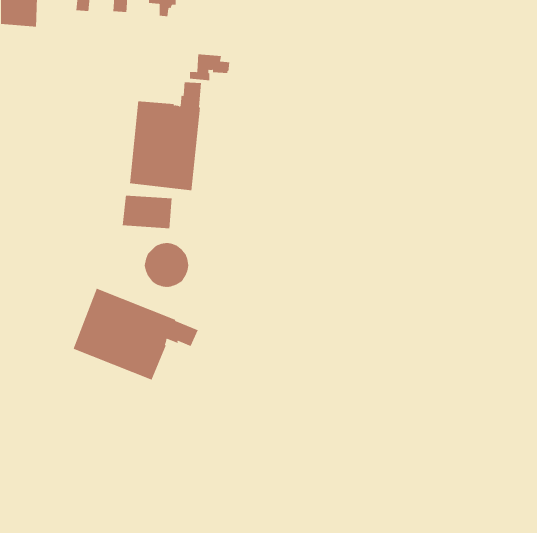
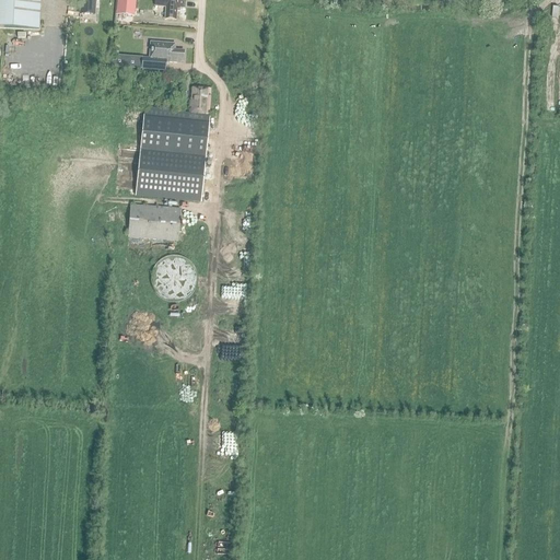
building: [189,54,230,81] -> [141,39,184,68]
building: [73,288,199,381] -> none

